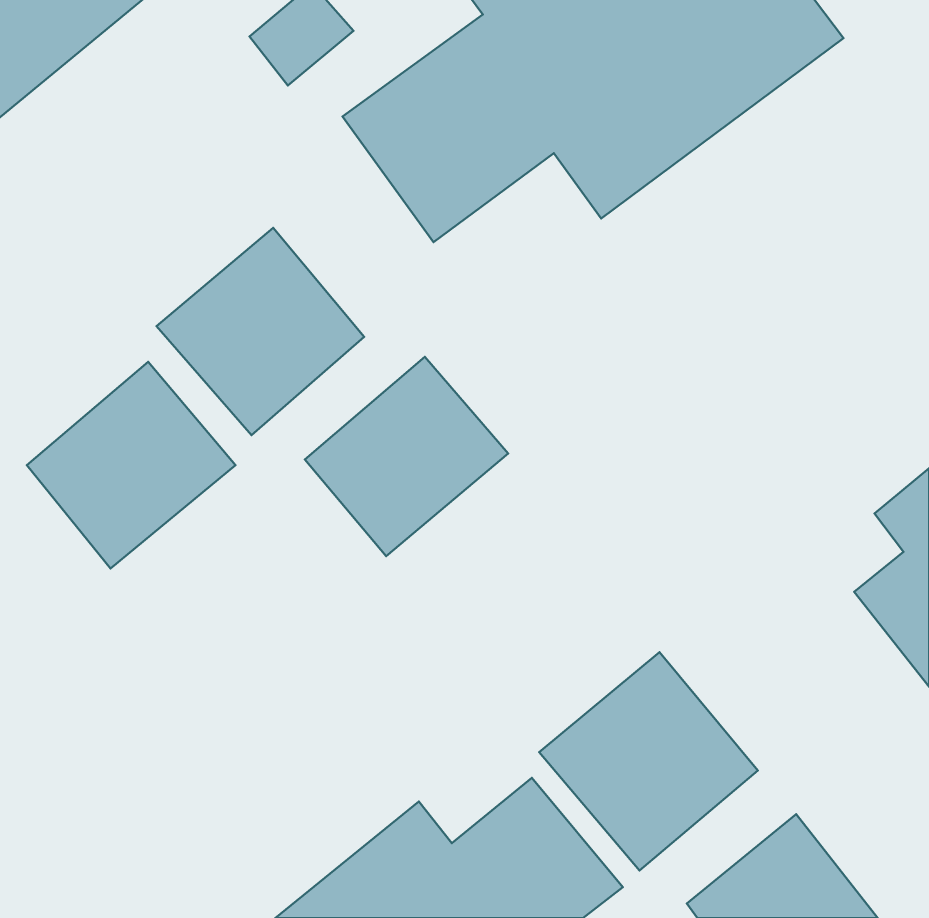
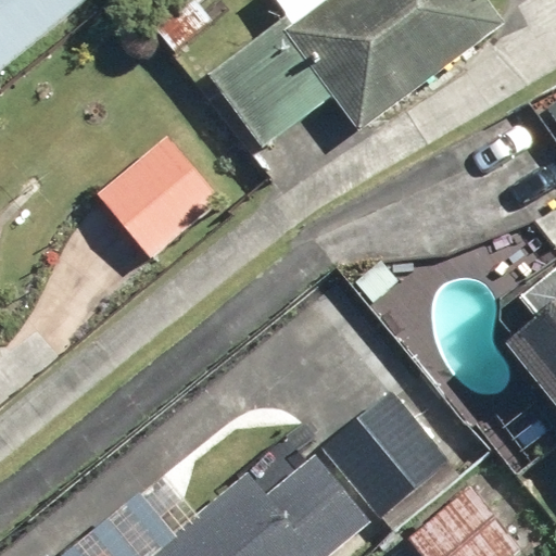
building: [305,357,508,556] -> none
building: [27,362,235,568] -> none

